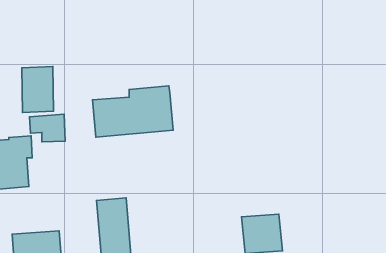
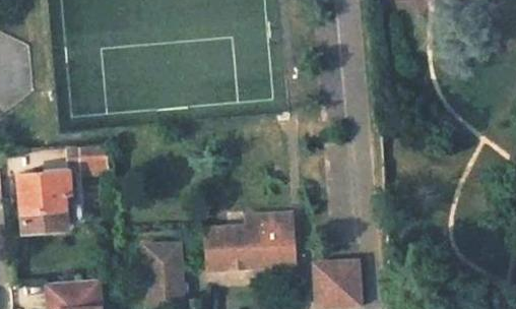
building: [22,67,54,112] -> none
building: [93,86,173,137] -> [204,211,299,271]

